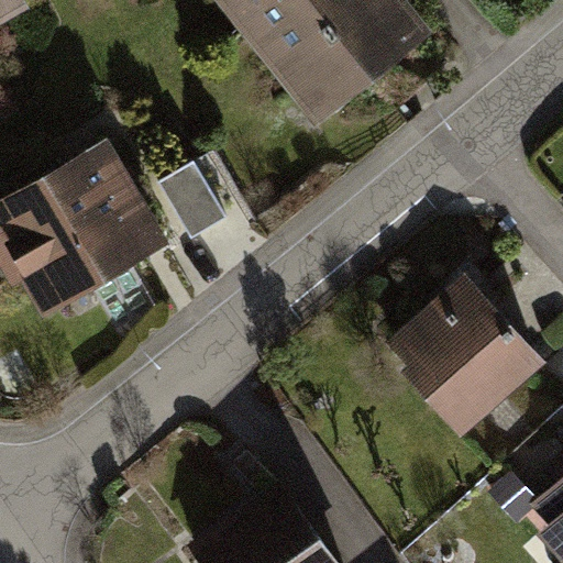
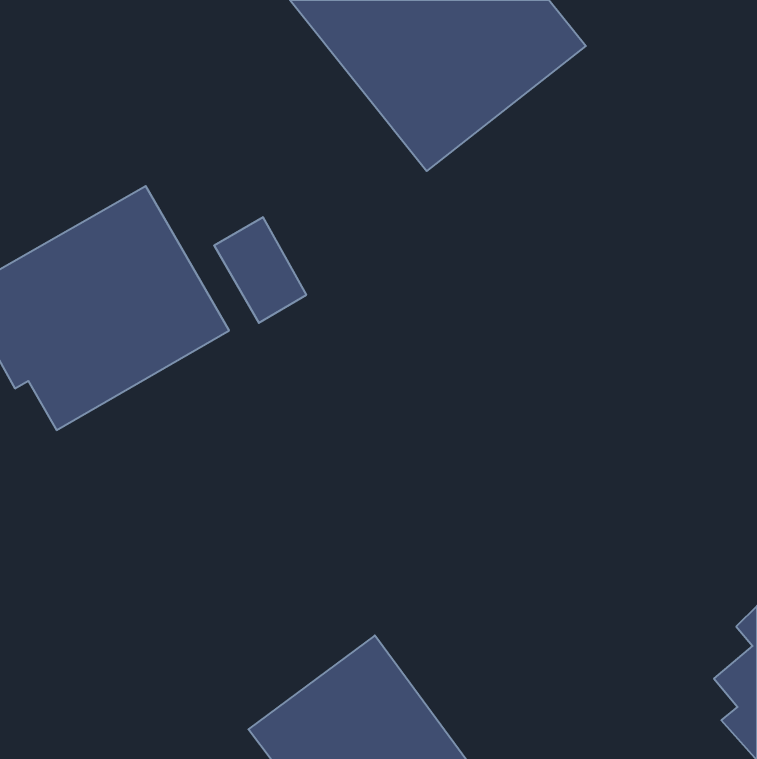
building: [386,267,543,430] -> none

